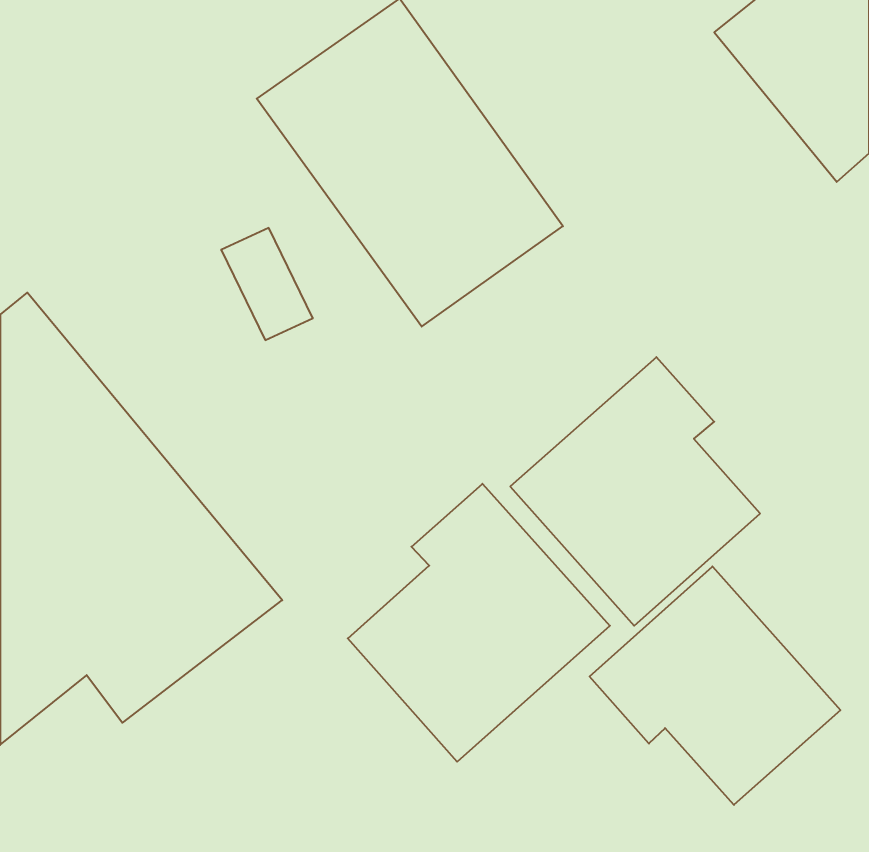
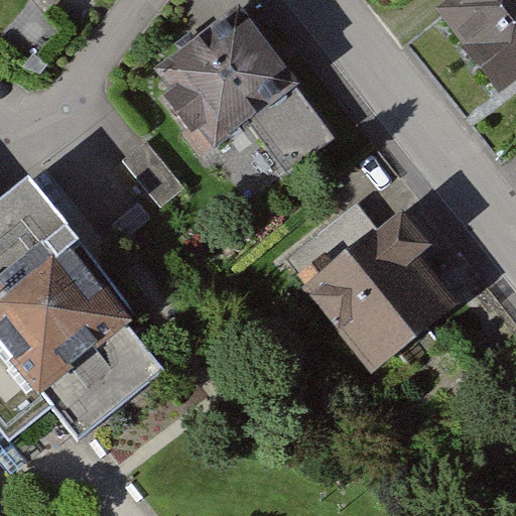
building: [348,484,610,762] -> none
building: [590,566,840,805] -> none

